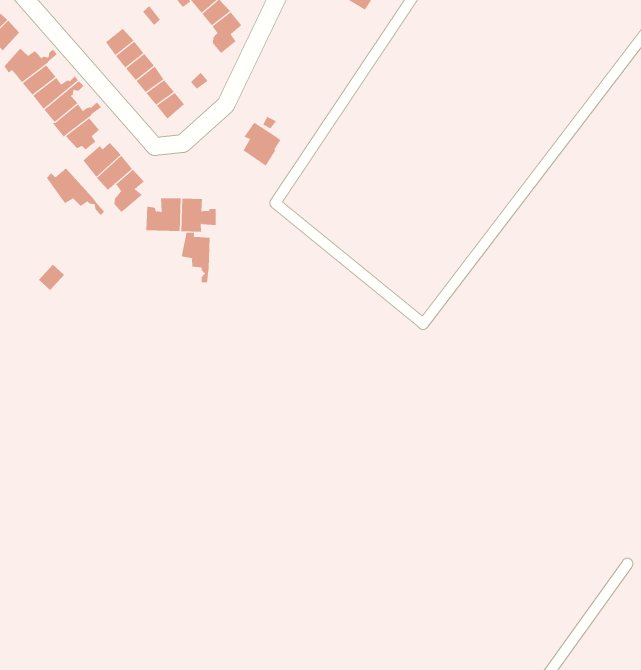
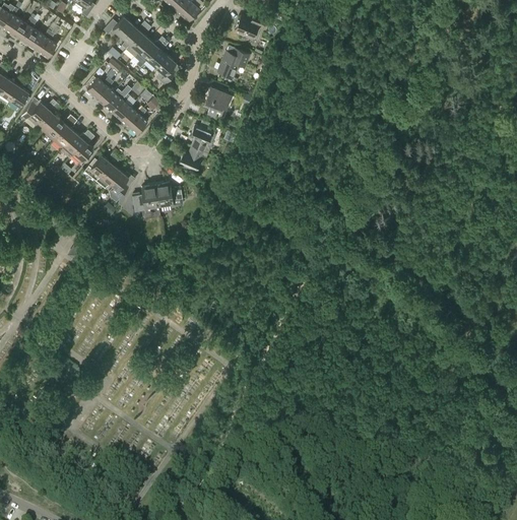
building: none -> [216,50,249,77]
building: none -> [203,86,230,117]
building: none -> [178,146,207,171]
building: [46,168,105,216] -> none
building: [181,232,210,283] -> none

